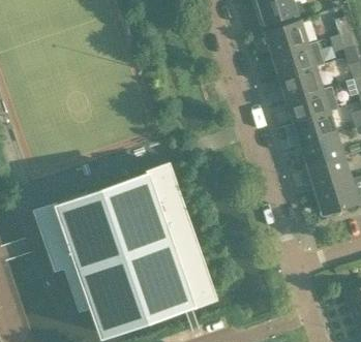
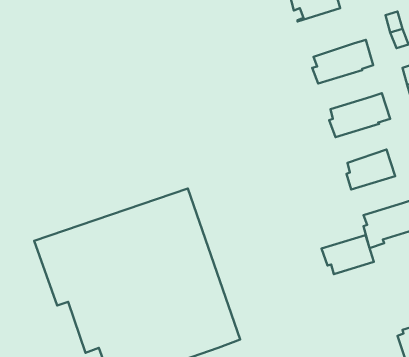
building: [264,23,308,57] -> none
building: [278,68,323,101] -> none
building: [293,114,336,147] -> none
building: [306,158,351,191] -> [321,235,374,274]

